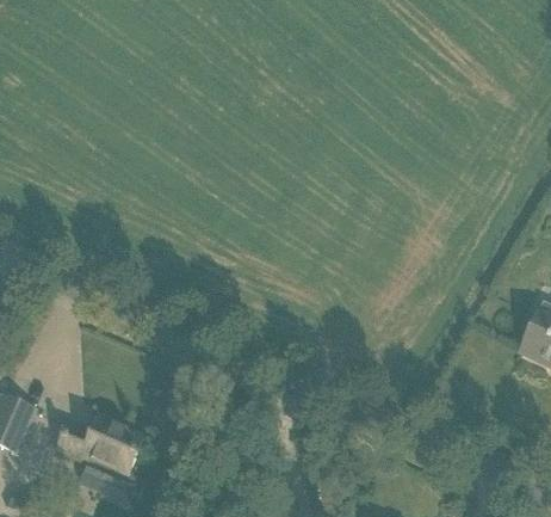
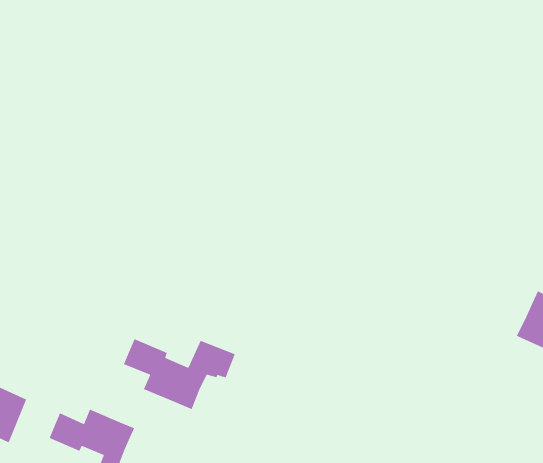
building: none -> [123,338,236,410]

